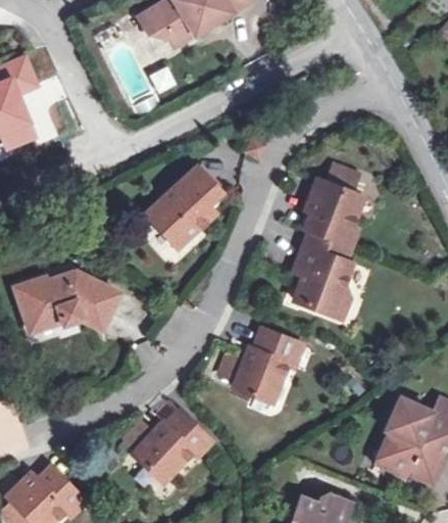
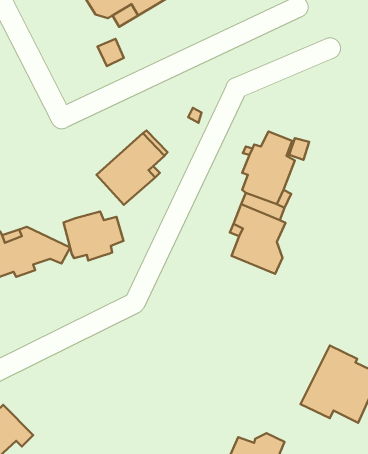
building: none -> [64,211,123,260]
building: [223,328,302,403] -> none
building: [122,410,209,479] -> none

